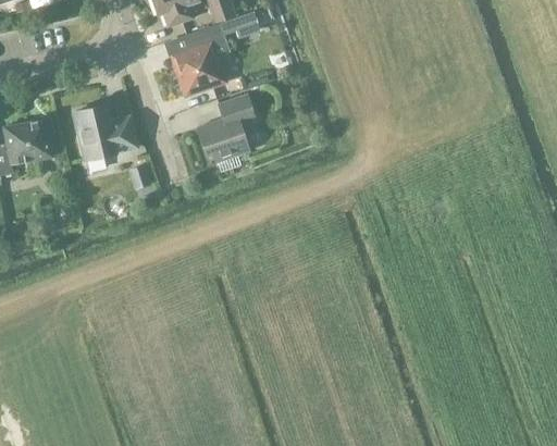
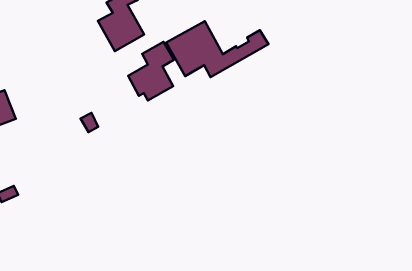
building: none -> [166,21,269,77]
building: [74,103,137,160] -> none

